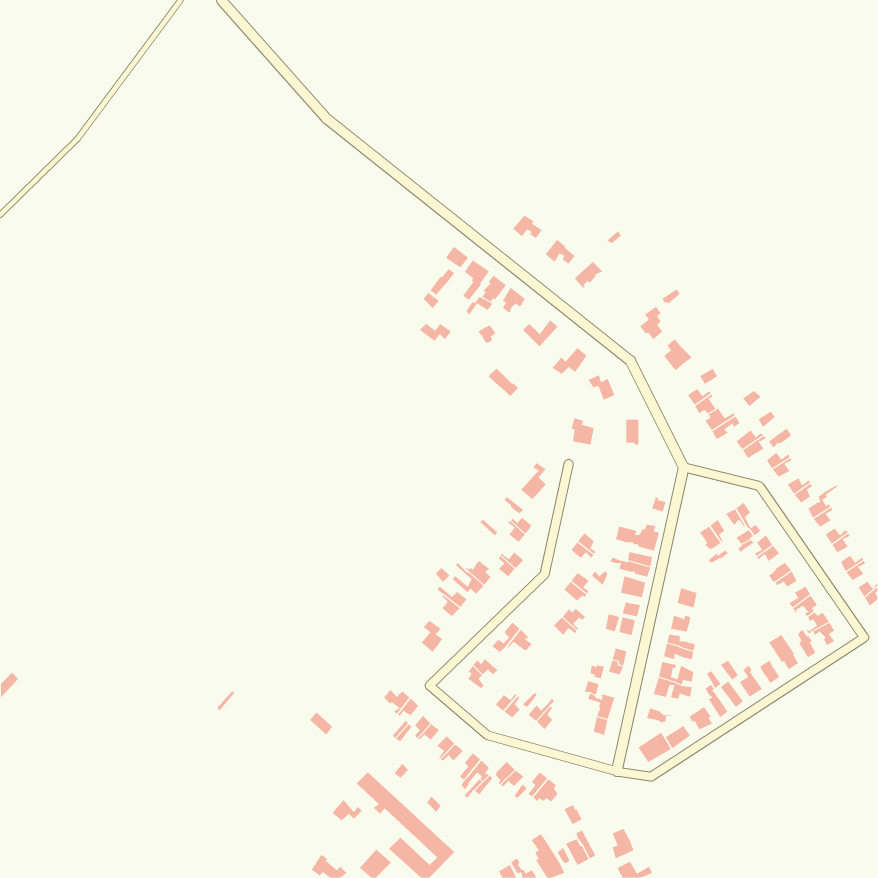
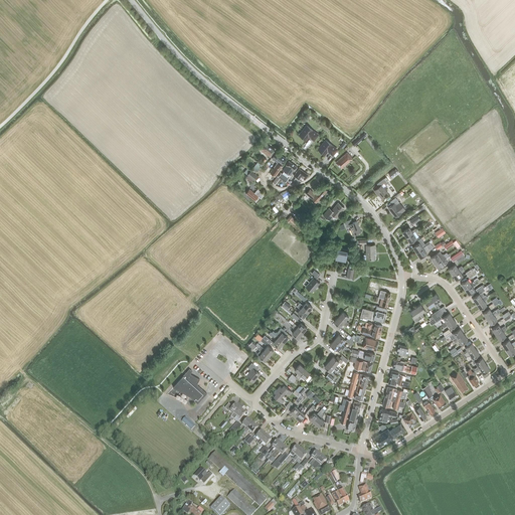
building: none -> [173,369,206,403]

